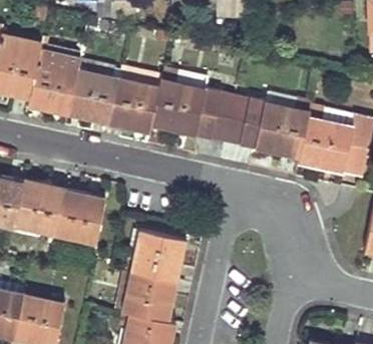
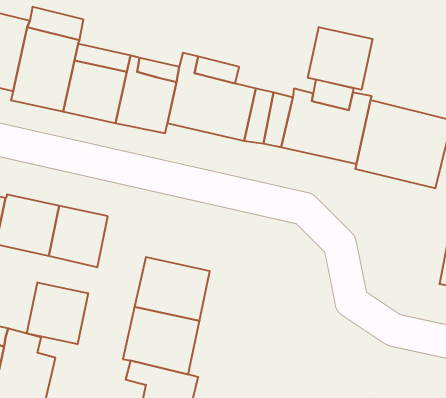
building: none -> [308,27,372,90]
building: none -> [27,282,88,344]

